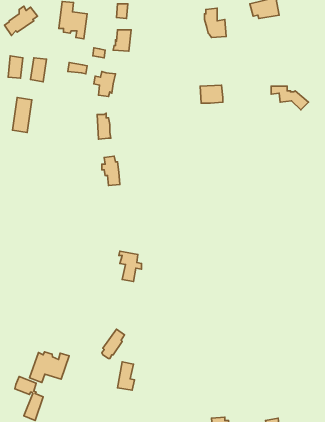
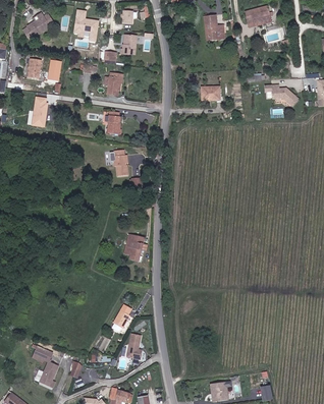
building: [30,352,69,382] -> none

